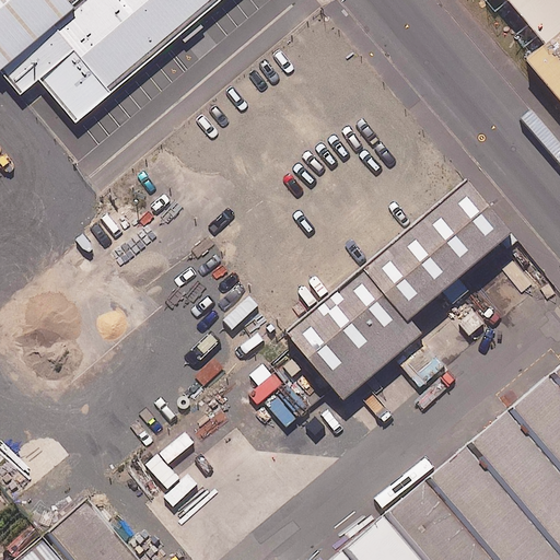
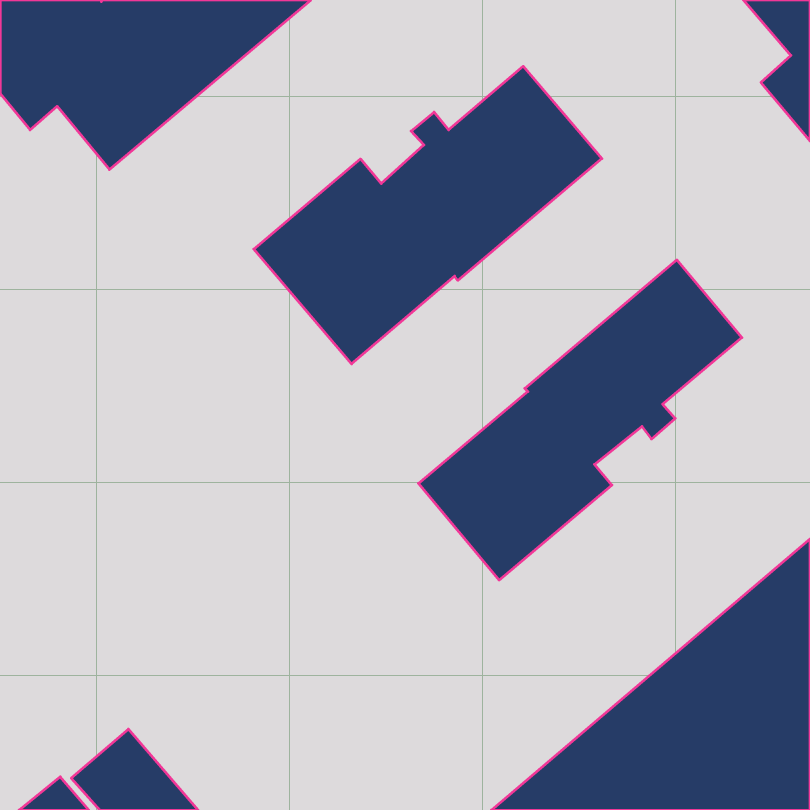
building: none -> [254,66,602,364]

